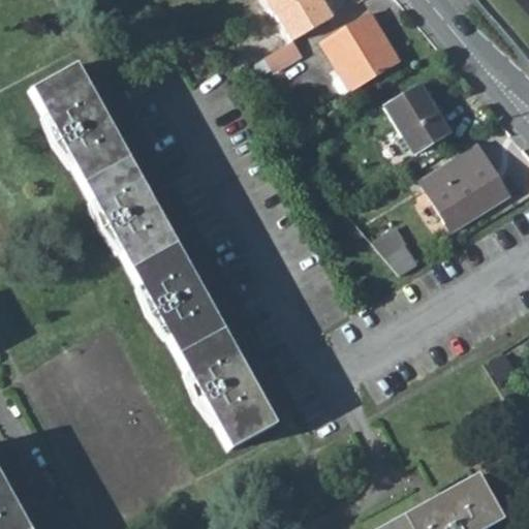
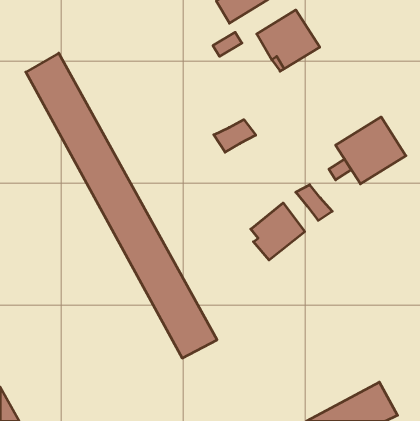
building: [388,84,454,153] -> none
building: none -> [214,120,256,152]
building: none -> [251,203,305,260]

